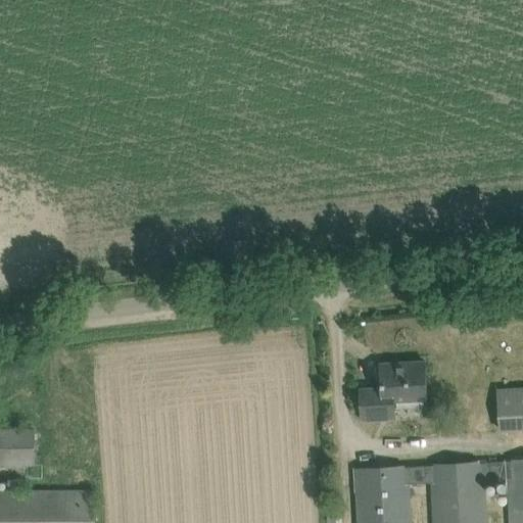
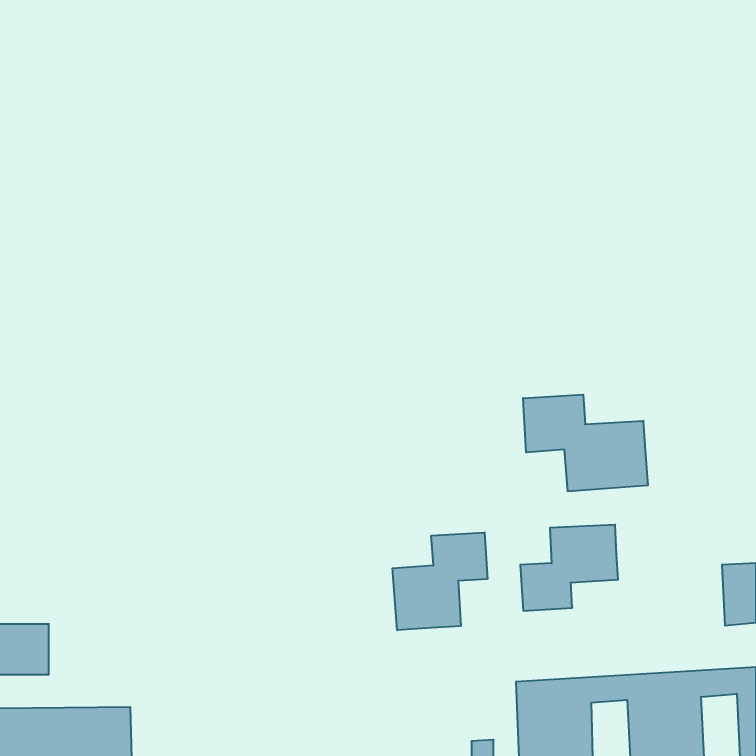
building: none -> [523,395,648,491]
building: none -> [392,532,487,630]

